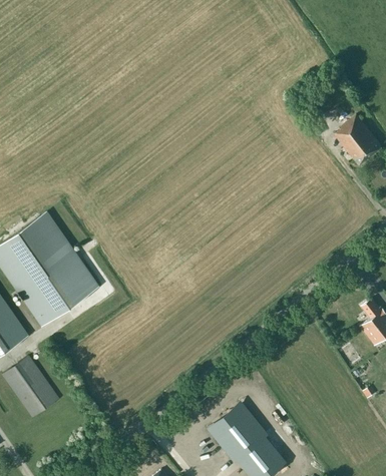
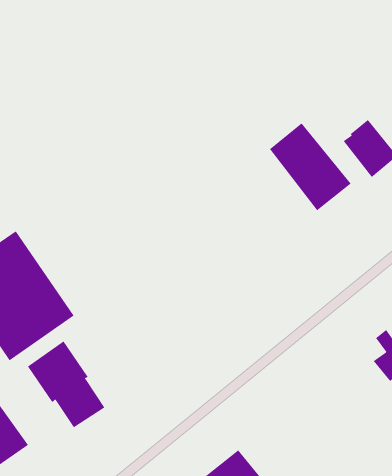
building: none -> [269,122,351,211]
building: none -> [27,341,105,428]

